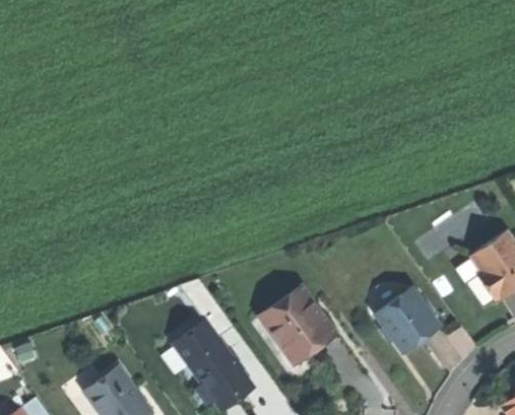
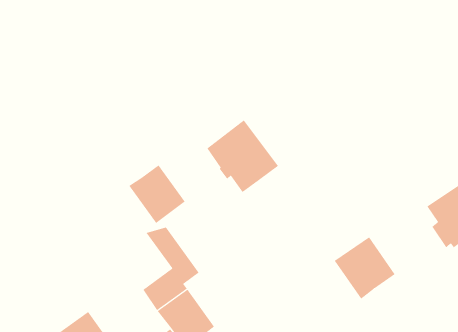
building: none -> [128,164,186,224]
building: [260,283,336,360] -> [206,119,279,193]

